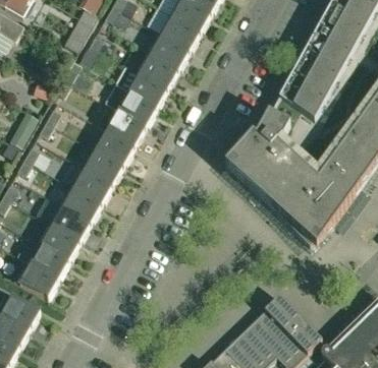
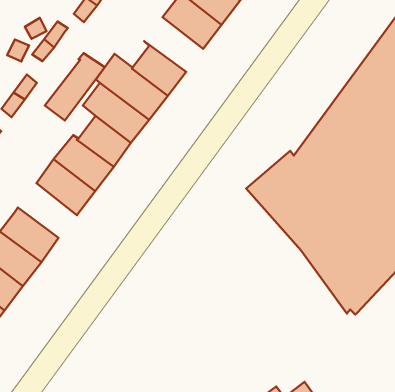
building: [136,52,179,89] -> none
building: none -> [45,53,105,120]
building: [59,185,103,223] -> none

